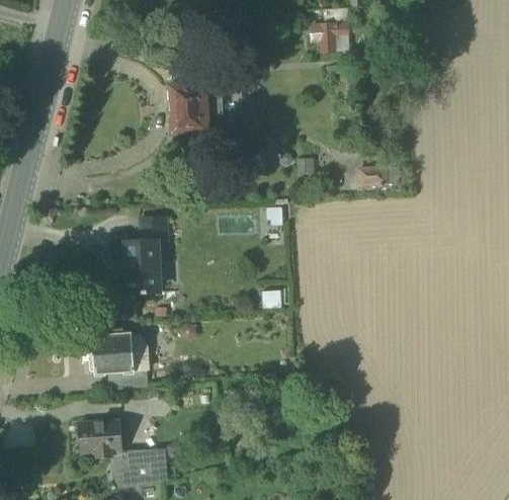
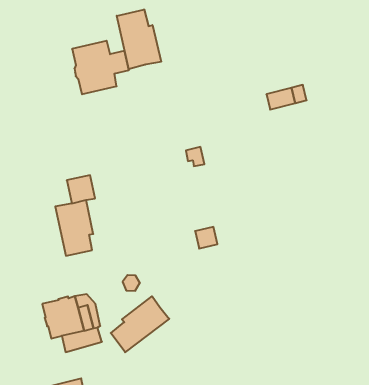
building: none -> [117,9,161,69]
building: none -> [111,296,169,352]

